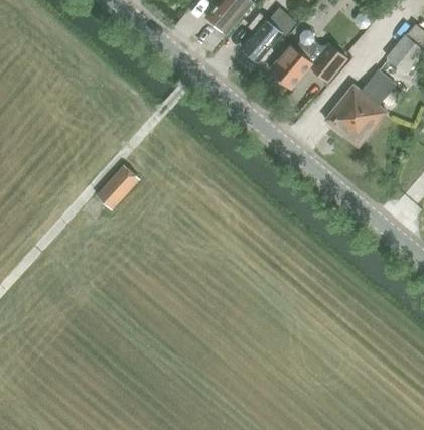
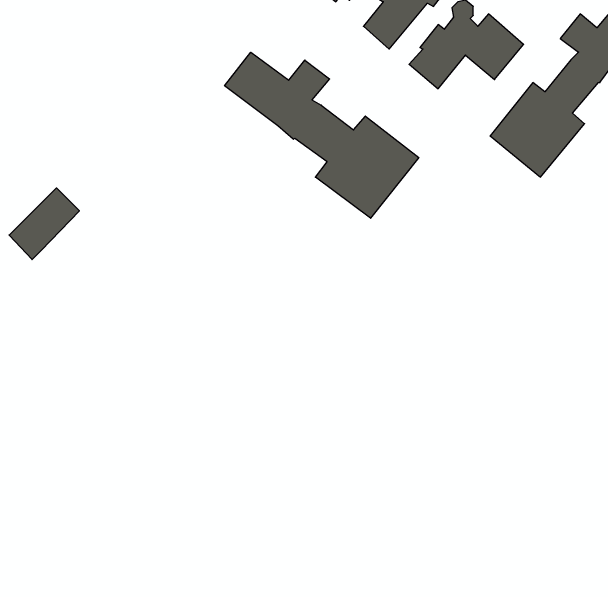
building: none -> [225,52,419,218]
building: [94,162,140,209] -> [9,188,79,260]

